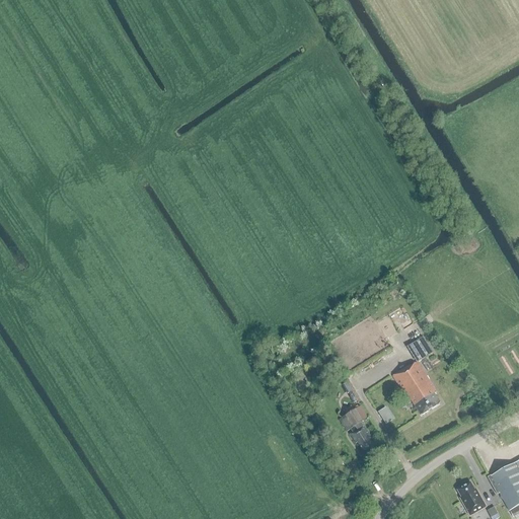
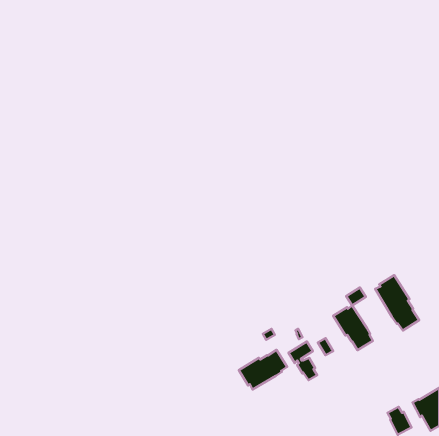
building: none -> [375,275,419,331]
building: none -> [239,350,287,390]

